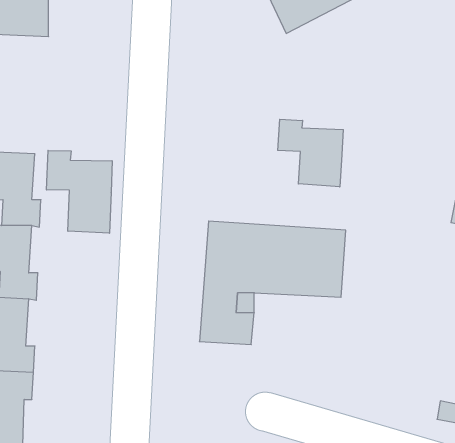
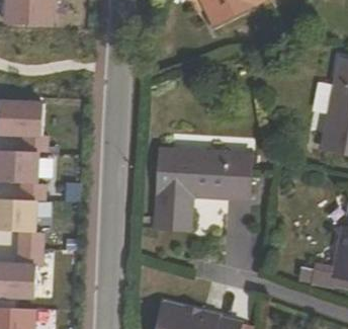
building: [278,119,343,187] -> none
building: [47,150,112,233] -> none

